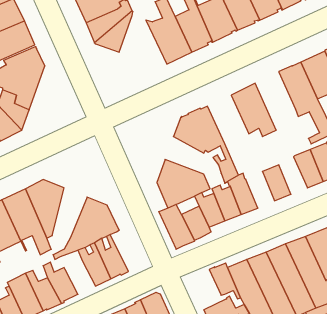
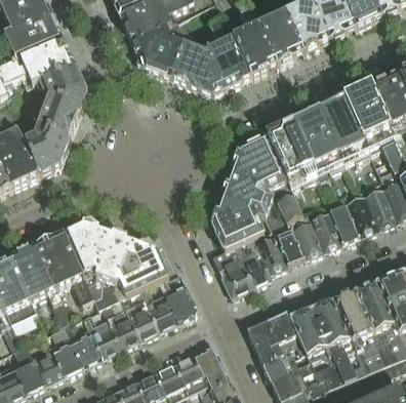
building: none -> [169,35,222,93]
building: none -> [321,98,370,163]
building: none -> [268,123,318,183]
building: none -> [220,170,287,229]
building: none -> [344,188,379,235]
building: none -> [310,209,342,250]
building: none -> [88,228,133,303]
building: none -> [159,277,198,321]
building: none -> [104,297,143,347]
building: none -> [249,319,289,364]

